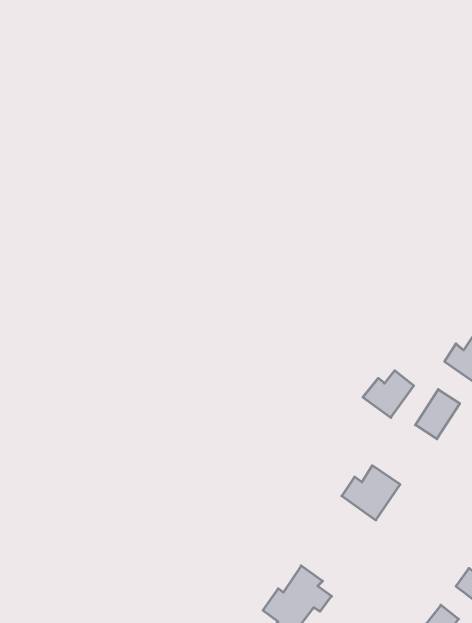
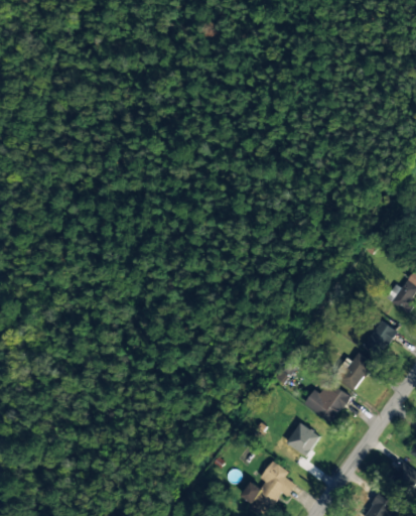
building: [363,371,414,418] -> [333,352,374,389]
building: none -> [287,422,320,457]

